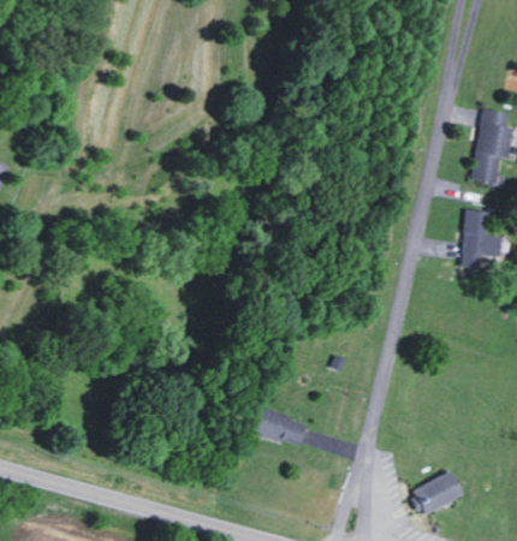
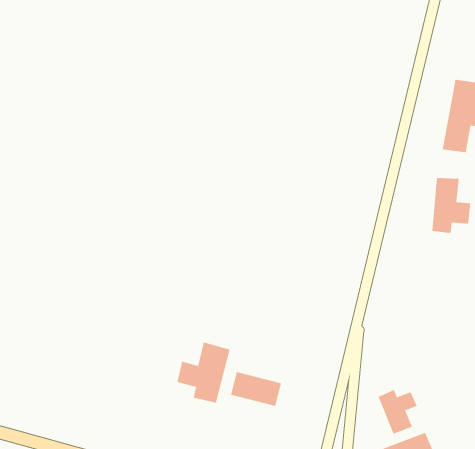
building: none -> [177,341,230,403]
building: none -> [378,389,417,434]

